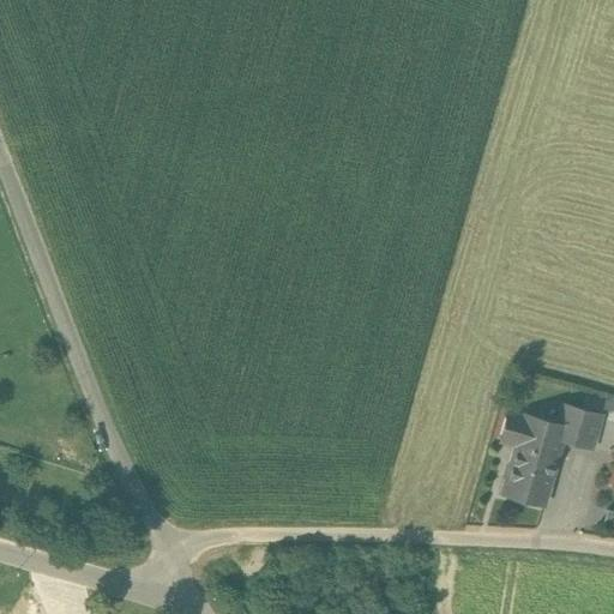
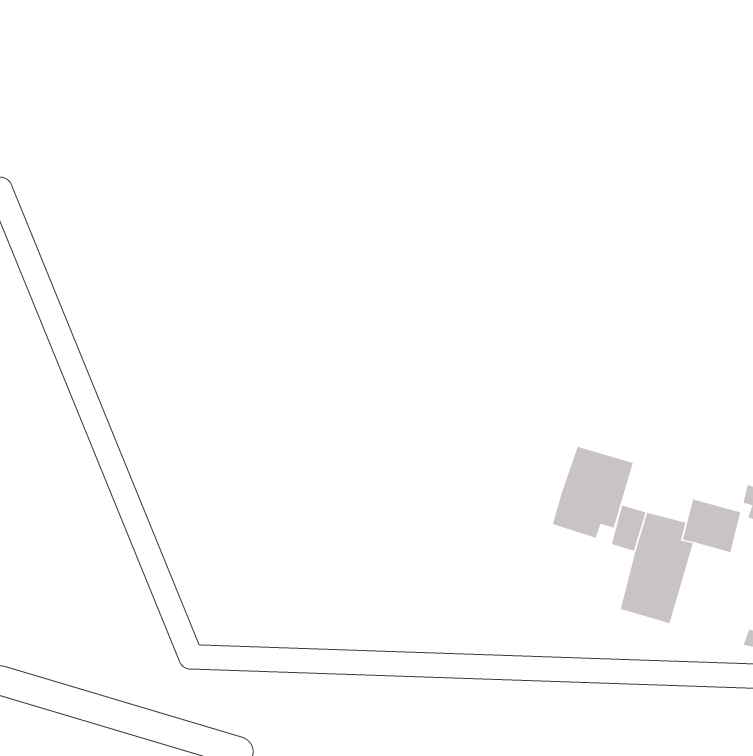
building: none -> [552,446,634,539]

